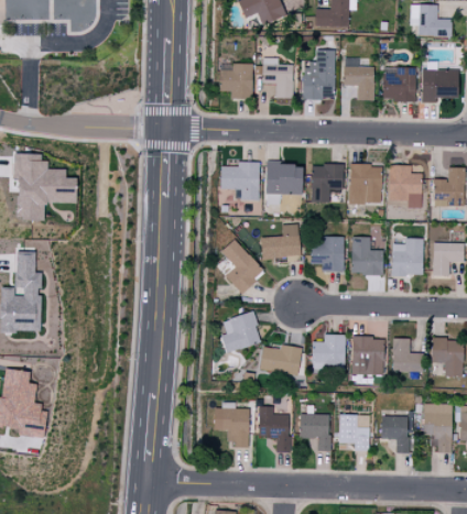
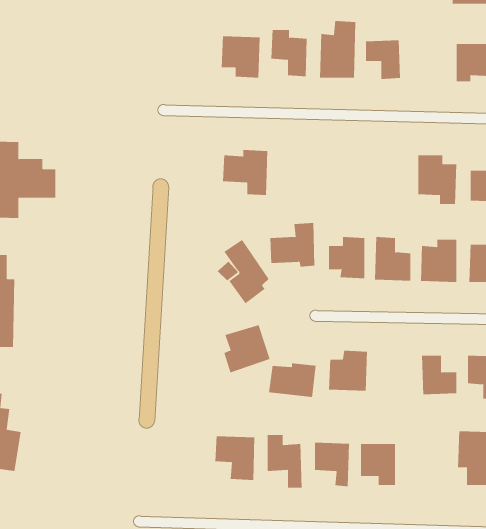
building: [383,68,416,101] -> none
building: [265,164,303,206] -> none
building: [311,165,344,203] -> none
building: [349,165,382,204] -> none
building: [351,338,384,375] -> none
building: [381,416,413,455] -> none

